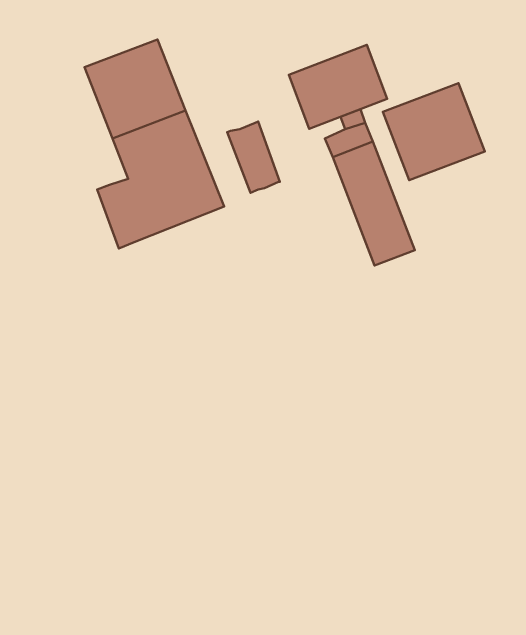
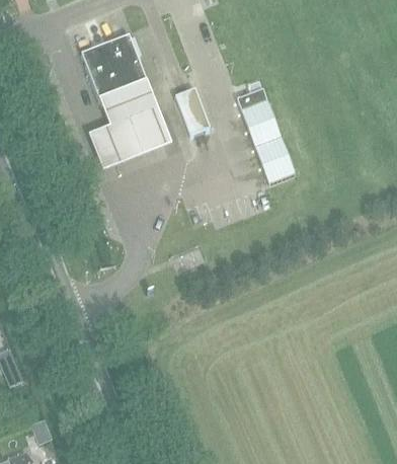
building: [289,45,387,129] -> none
building: [383,83,485,180] -> none

